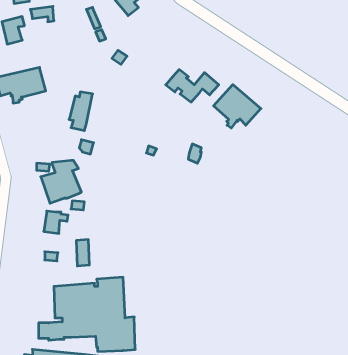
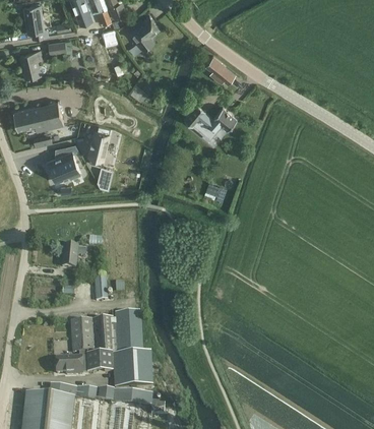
building: none -> [204,57,235,83]
building: [214,85,261,128] -> none
building: [41,160,81,203] -> [43,147,83,190]

